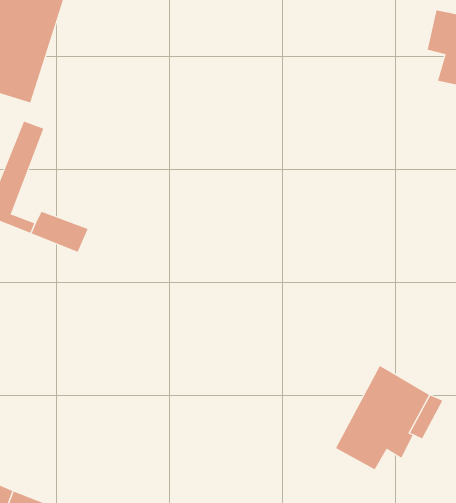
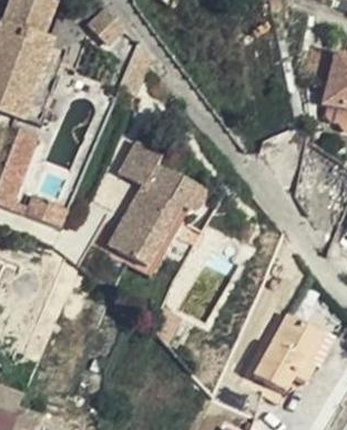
building: none -> [109,142,203,266]

